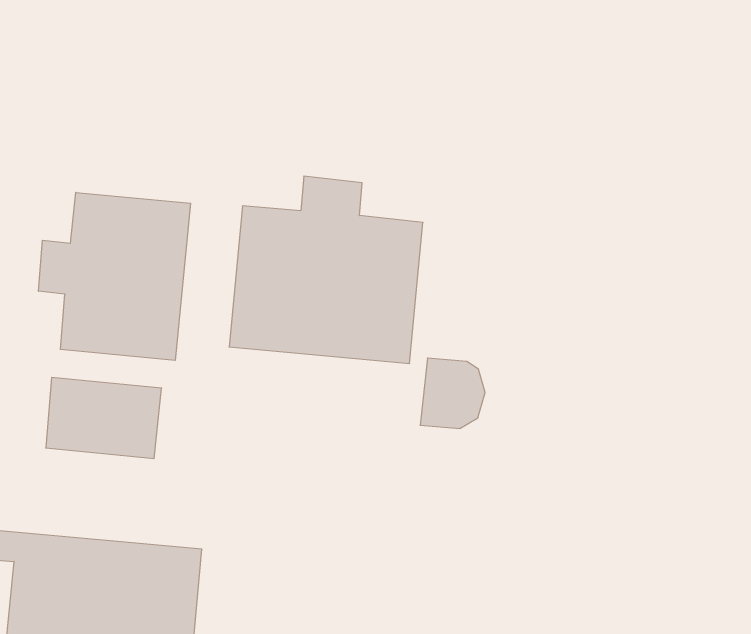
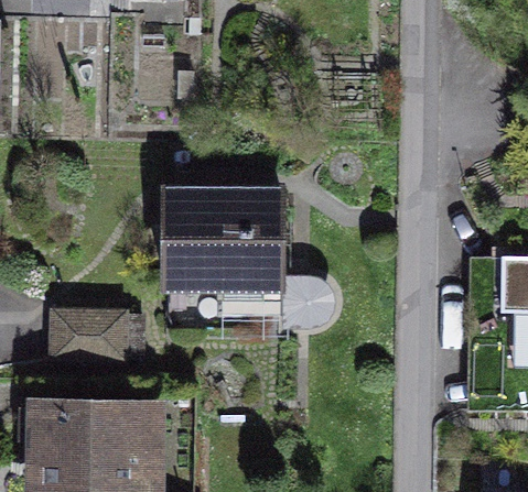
building: [38,192,191,360] -> none

